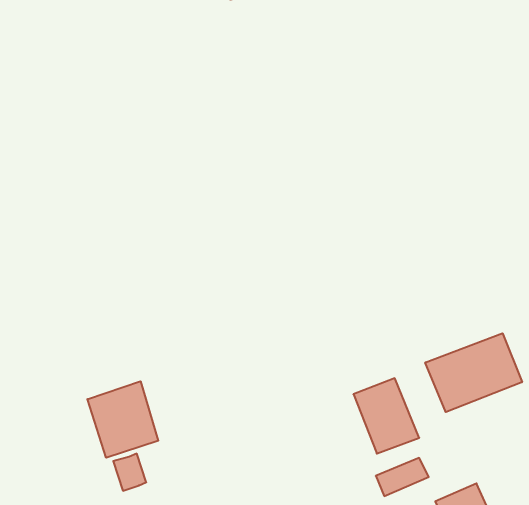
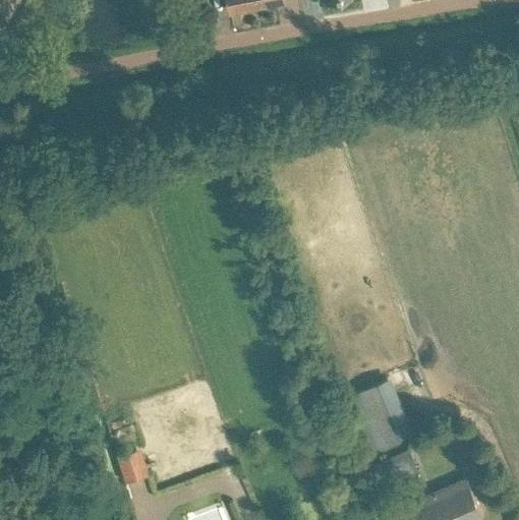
building: [425,333,522,412] -> none
building: [87,381,158,458] -> none

